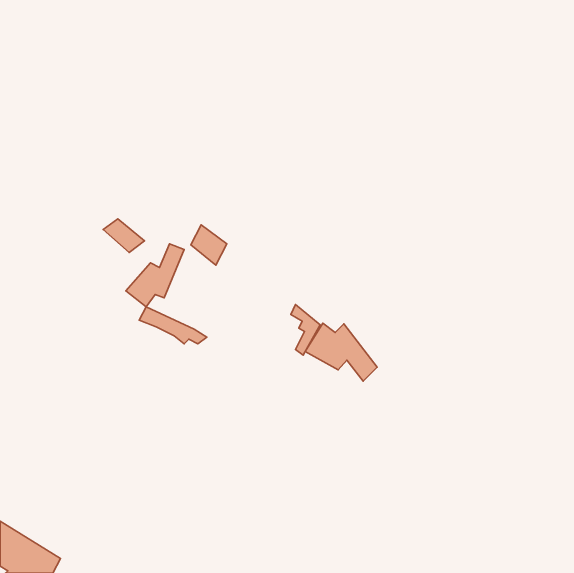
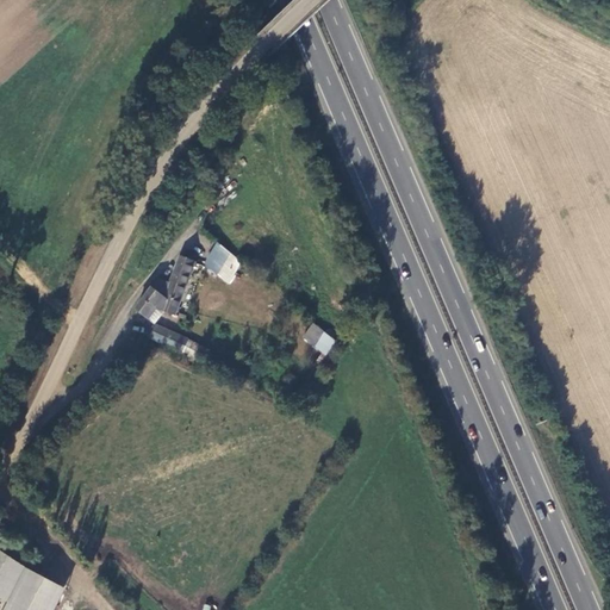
building: [103,219,145,252] -> none
building: [305,323,377,381] -> none

